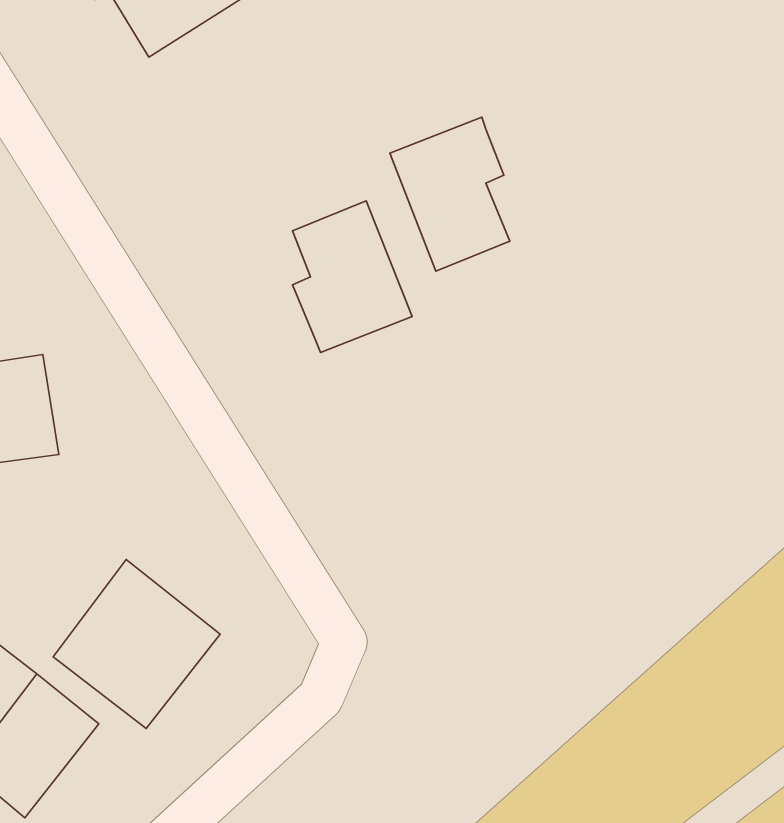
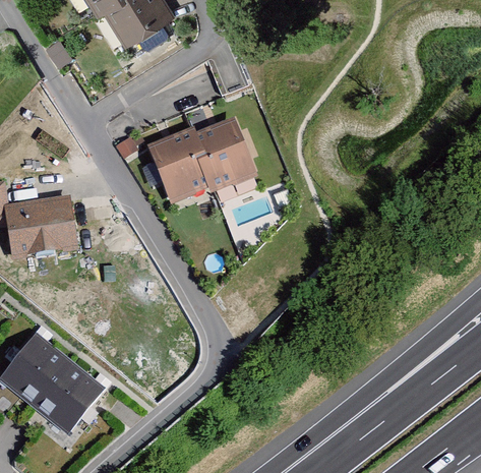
building: [390,117,510,271] -> [147,126,208,204]
building: [53,559,220,729] -> none

